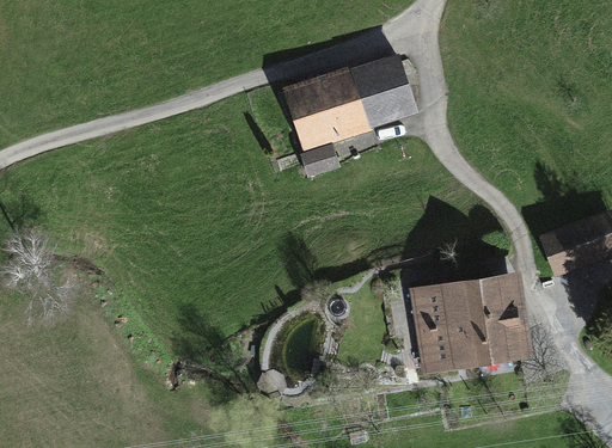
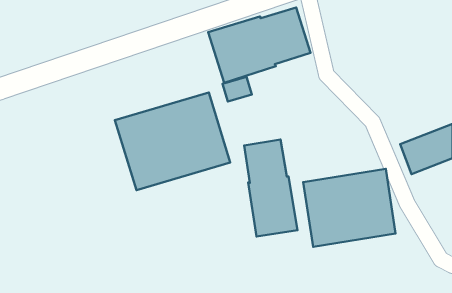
building: none -> [115,92,230,190]
building: none -> [244,140,297,237]

